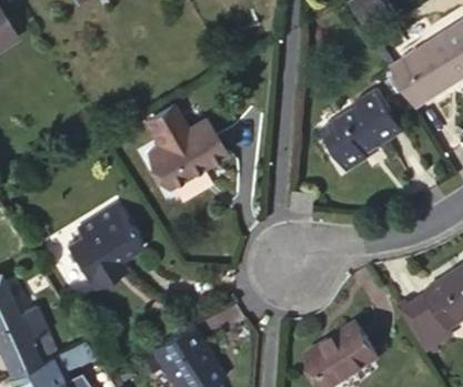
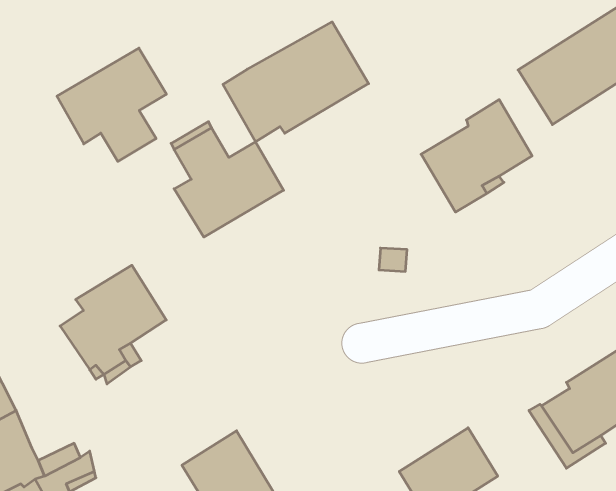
building: none -> [223,22,369,142]
building: none -> [57,48,166,161]

